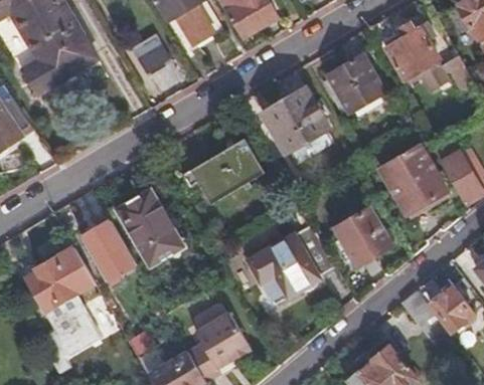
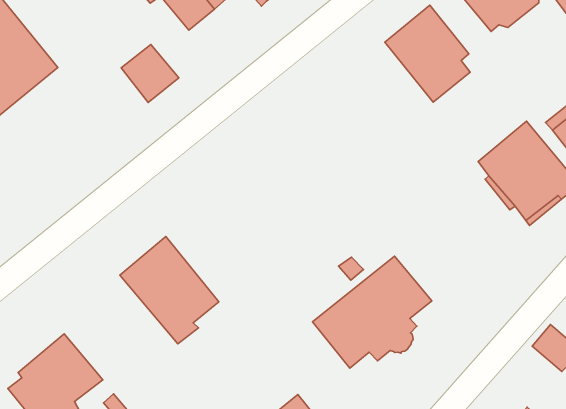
building: [264,87,328,152] -> none
building: [196,137,266,201] -> none
building: [333,207,388,266] -> none
building: [79,217,134,276] -> none

